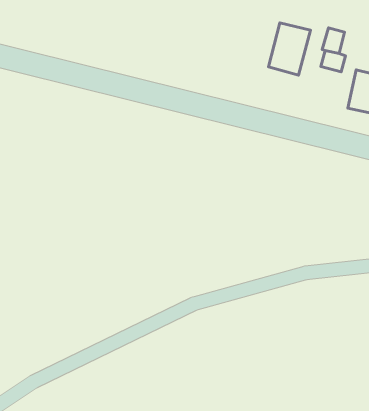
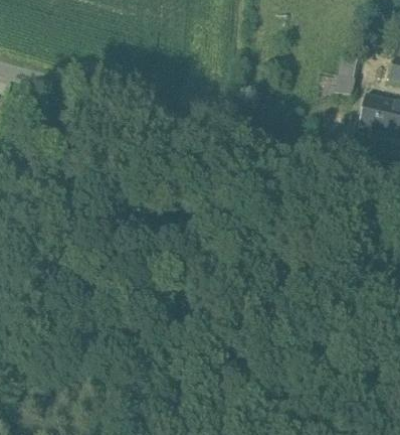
building: [268,23,310,75] -> none

